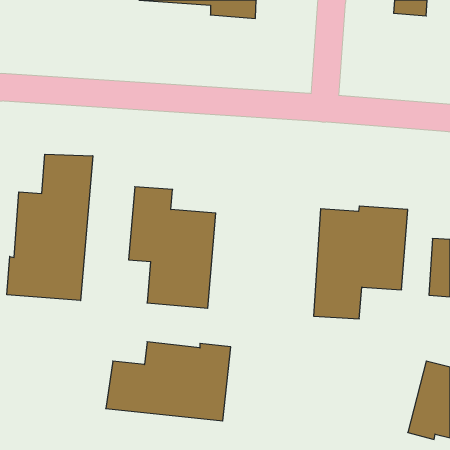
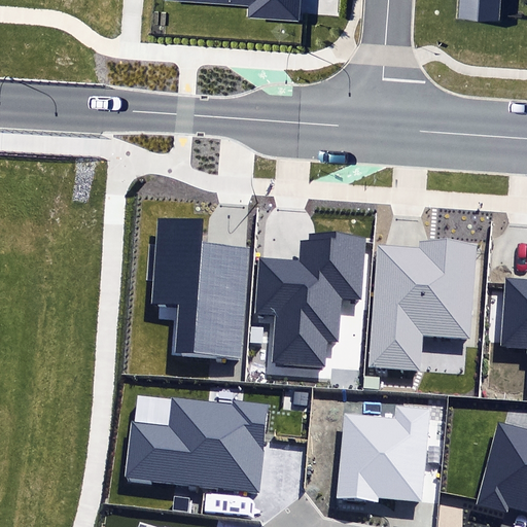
building: [7,154,93,301] -> none
building: none -> [254,237,364,367]
building: none -> [337,407,430,502]

